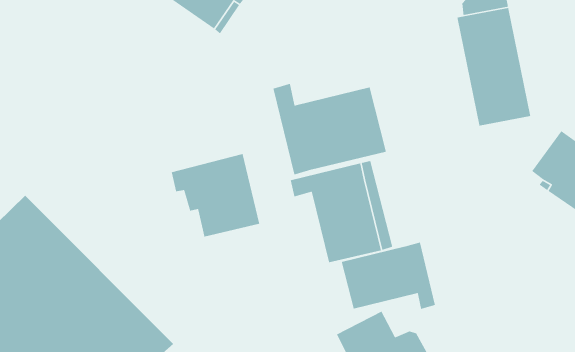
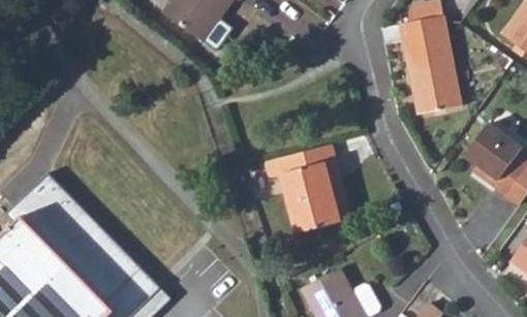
building: [272,83,387,175] -> none
building: [171,153,260,237] -> none
building: [341,242,436,310] -> none

